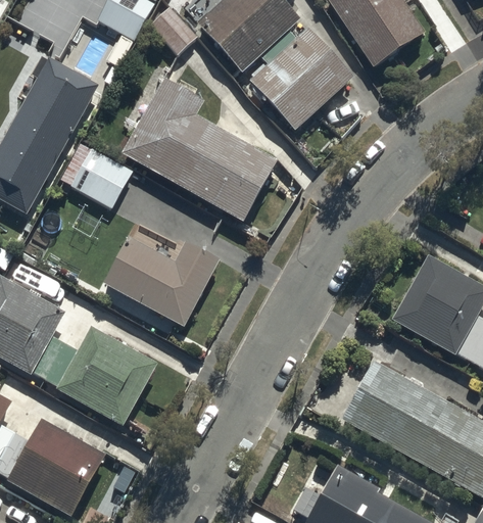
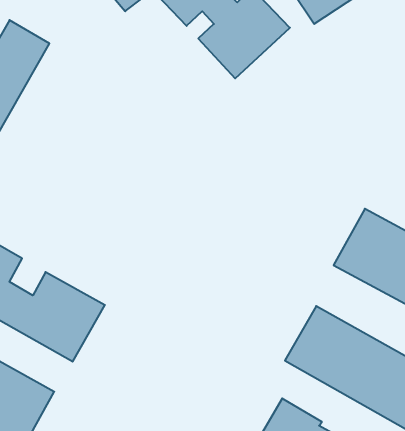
building: [125,80,274,218] -> none
building: [76,153,130,206] -> none
building: [106,240,215,325] -> none

